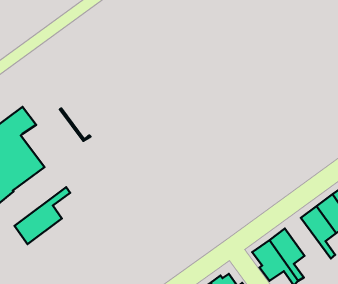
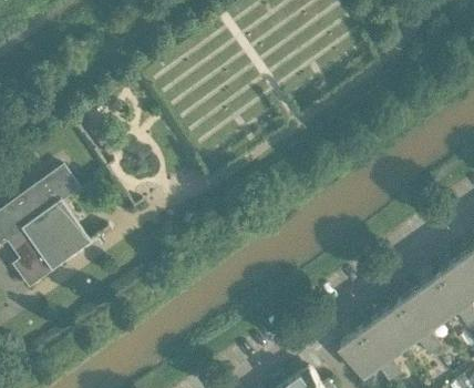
building: [14,187,70,244] -> none
building: none -> [380,300,436,355]

